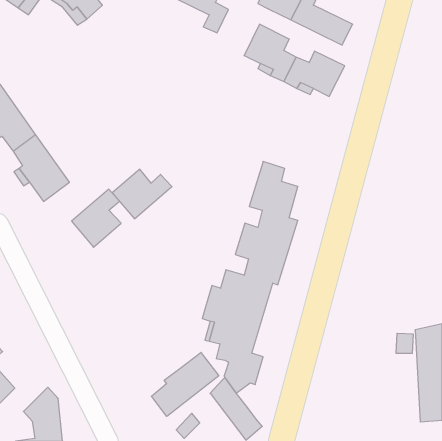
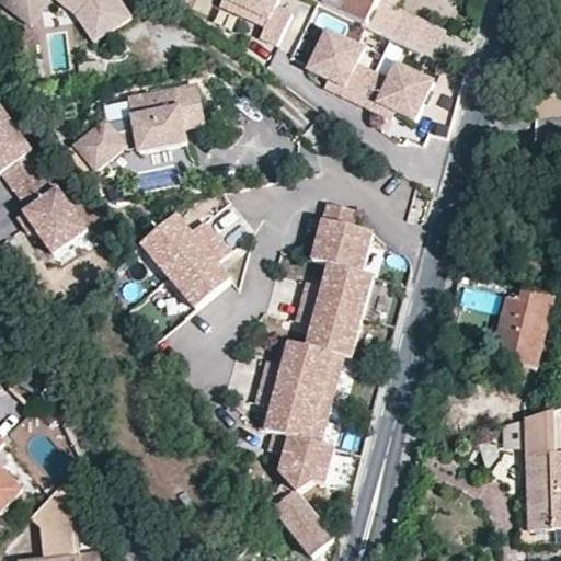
building: none -> [71,79,205,167]
building: [72,189,121,247] -> [170,236,232,309]
building: none -> [488,287,550,370]
building: [151,352,219,416] -> none

